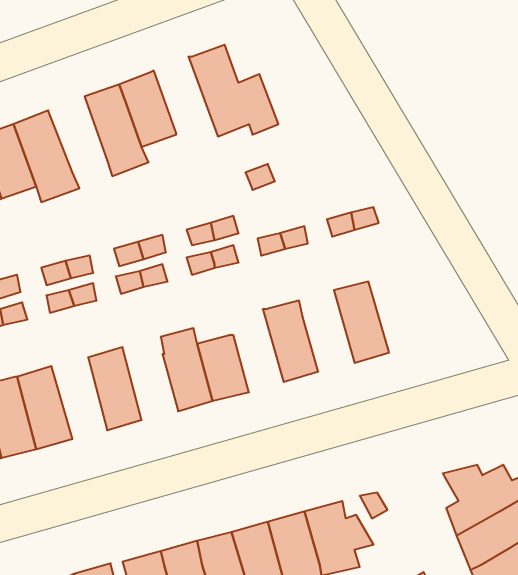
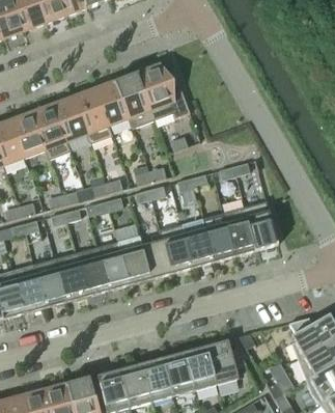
building: none -> [114,73,152,129]
building: none -> [51,97,86,142]
building: none -> [243,201,277,250]
building: none -> [201,213,234,261]
building: none -> [158,224,192,274]
building: none -> [95,241,129,291]
building: none -> [53,253,86,302]

